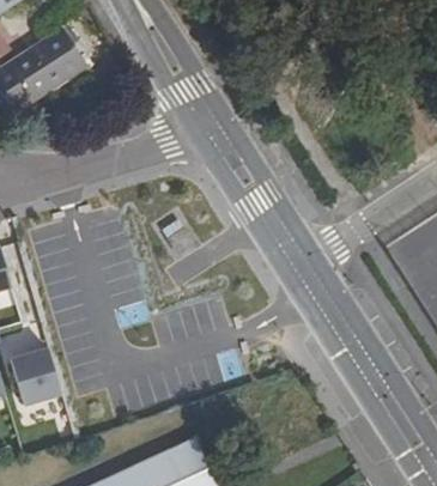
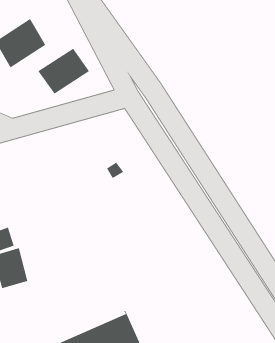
building: none -> [38,48,90,94]

